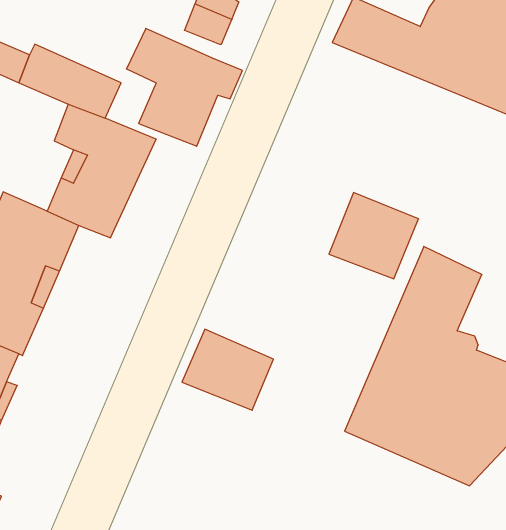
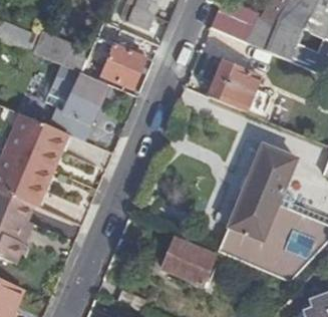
building: [329,193,419,279] -> [209,62,260,111]
building: [182,329,273,410] -> [161,238,214,284]

